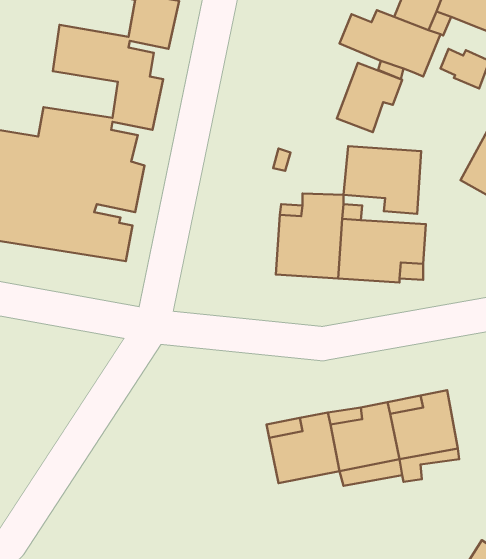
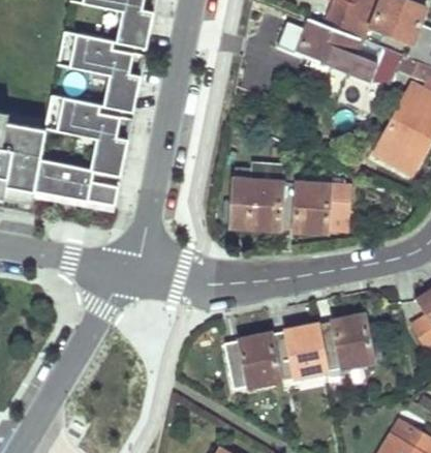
building: [337,63,402,132] -> none
building: [344,146,421,214] -> none

